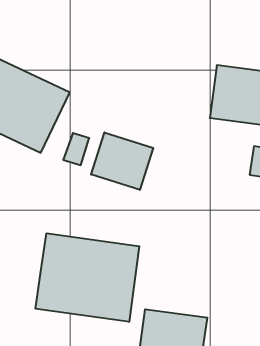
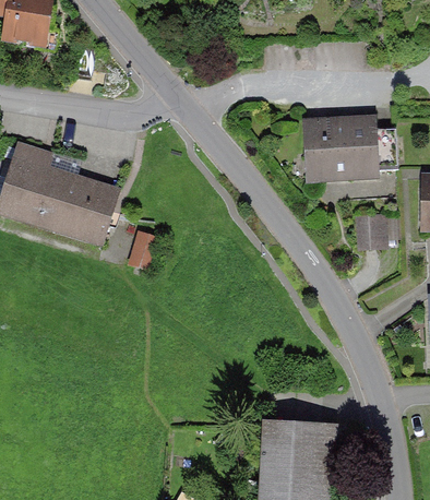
building: [91,132,153,190] -> none
building: [36,233,139,322] -> none

